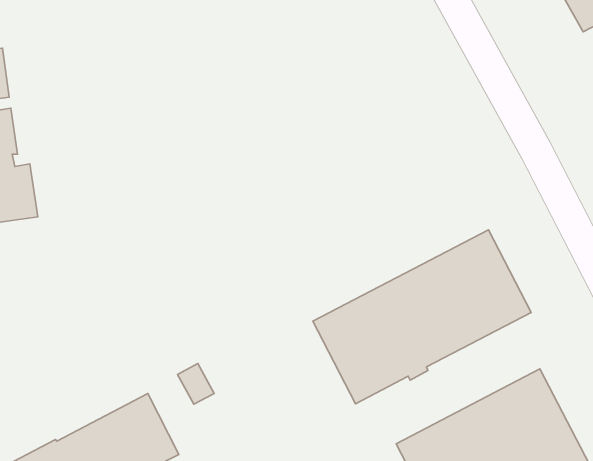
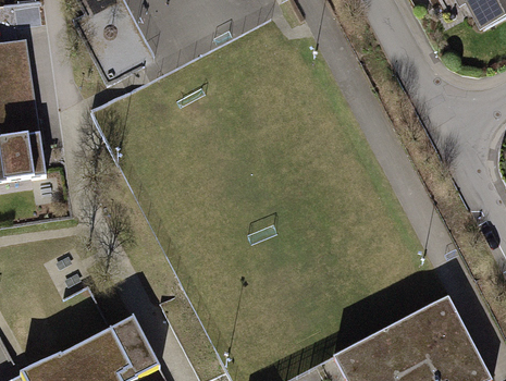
building: [313,230,531,404] -> none

